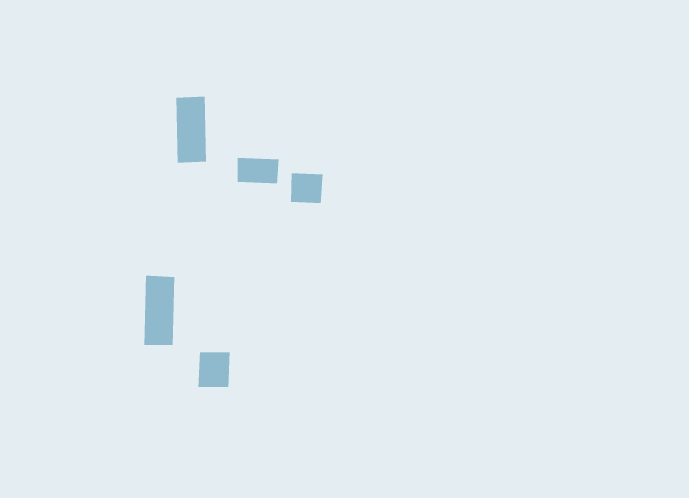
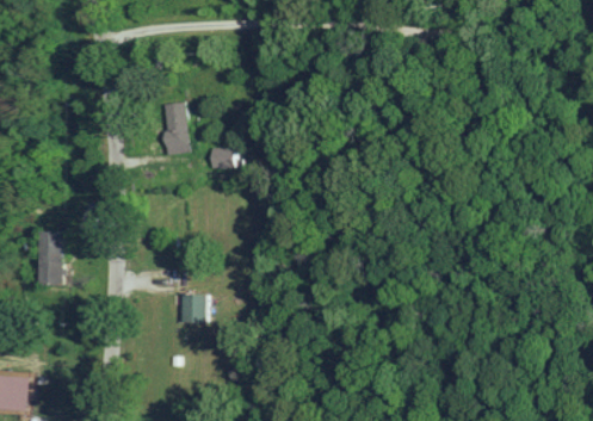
building: [290,173,323,204] -> none
building: [144,275,175,346] -> [38,231,62,285]

